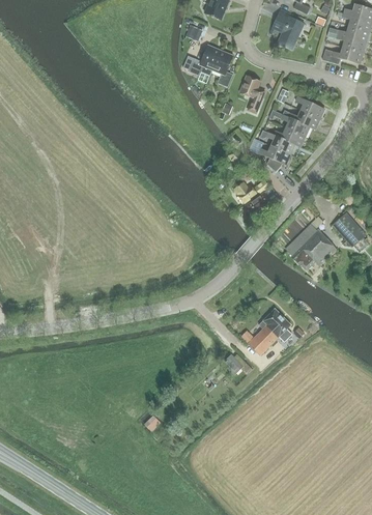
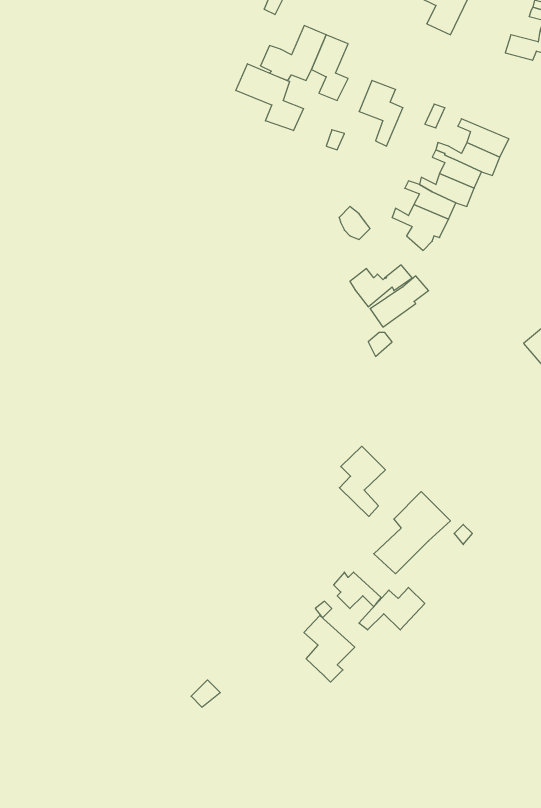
building: none -> [236,64,303,131]
building: [285,223,336,269] -> none
building: none -> [339,446,385,516]
building: none -> [359,587,425,630]
building: none -> [304,616,355,682]

